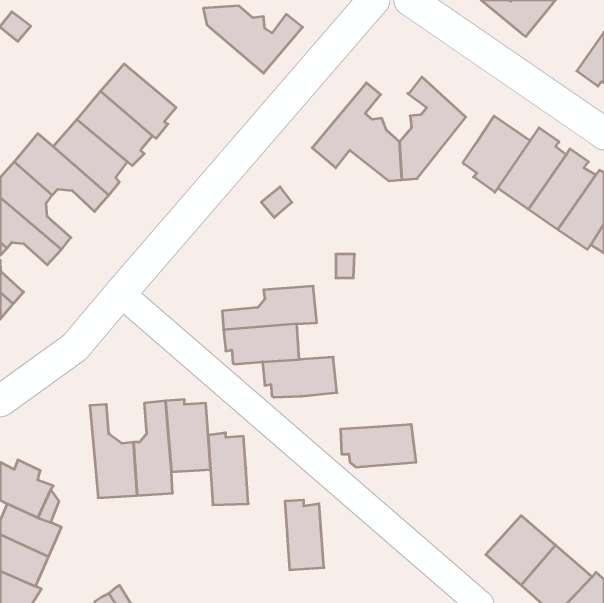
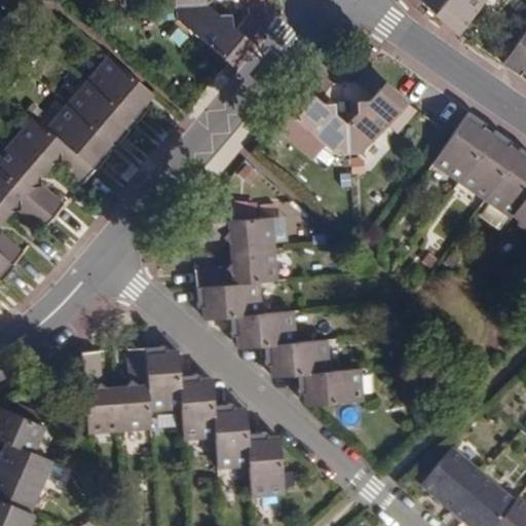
building: [463,116,530,192] -> none
building: none -> [190,218,272,253]
building: none -> [262,340,329,376]
building: none -> [214,407,250,469]

